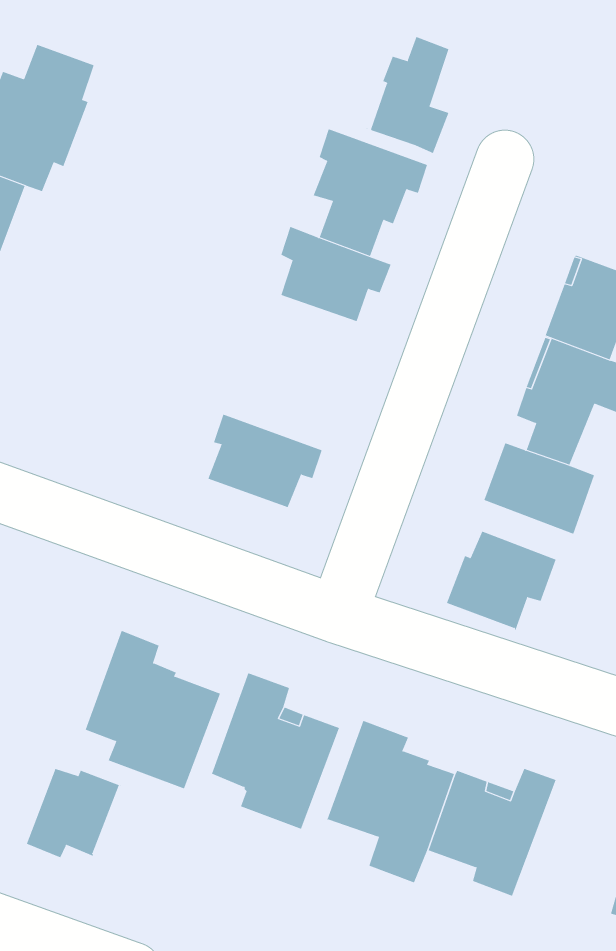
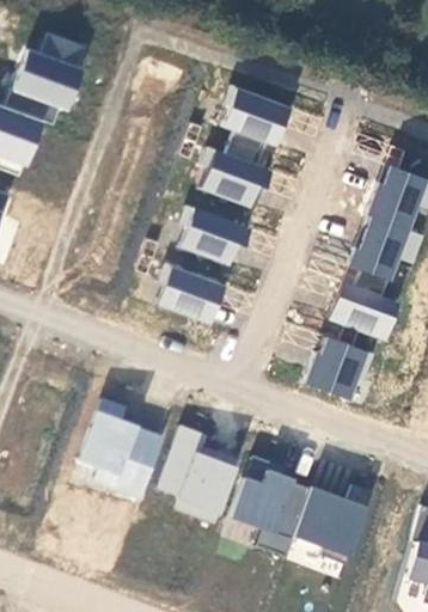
building: [365,36,449,154] -> none
building: none -> [179,206,250,265]
building: [26,768,122,858] -> none

